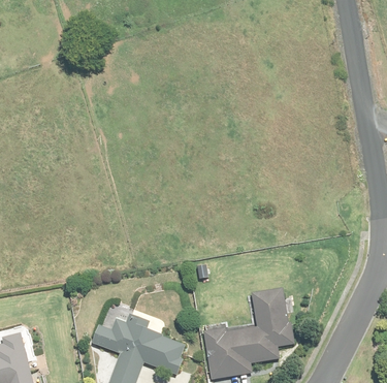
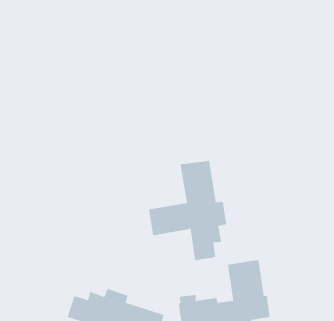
building: none -> [149,160,227,261]

